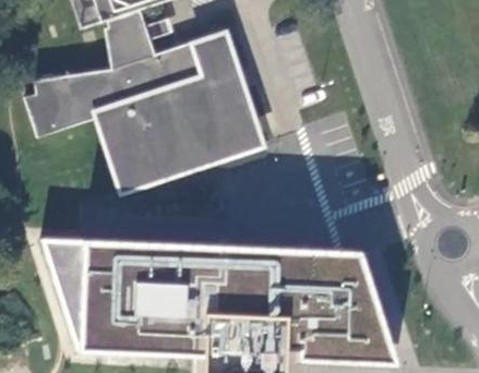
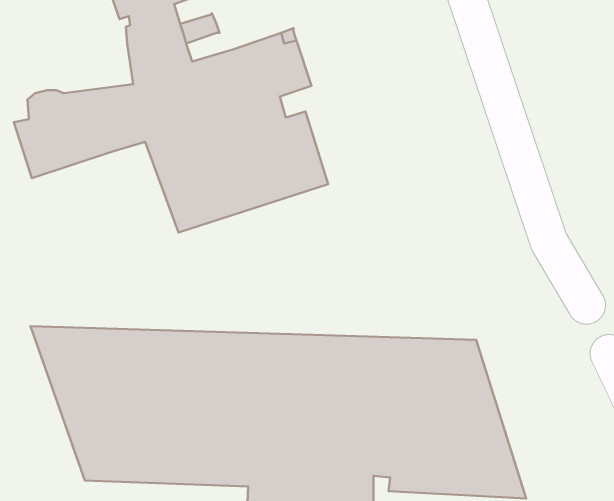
building: [96,69,266,192] -> none

